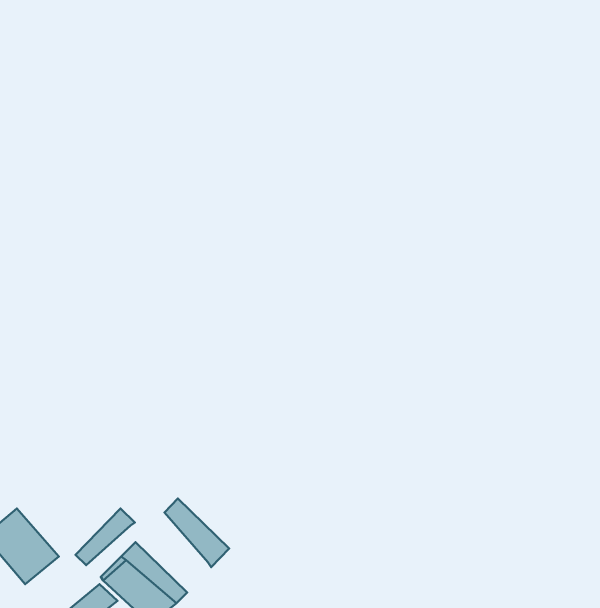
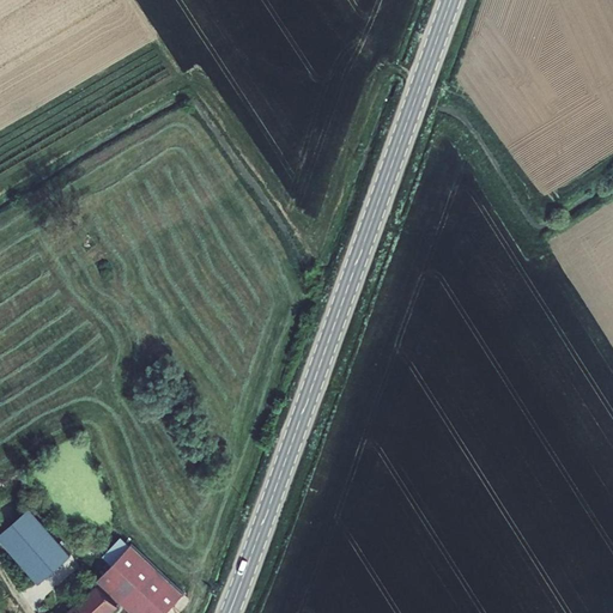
building: [165,499,229,567] -> none
building: [75,509,135,565] -> none

